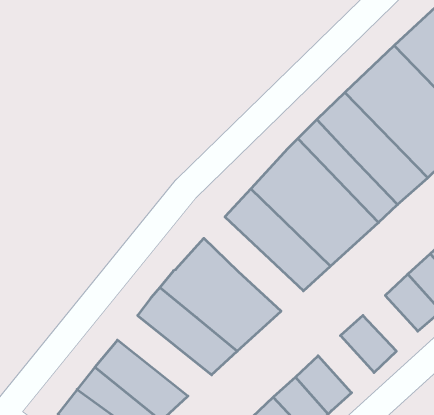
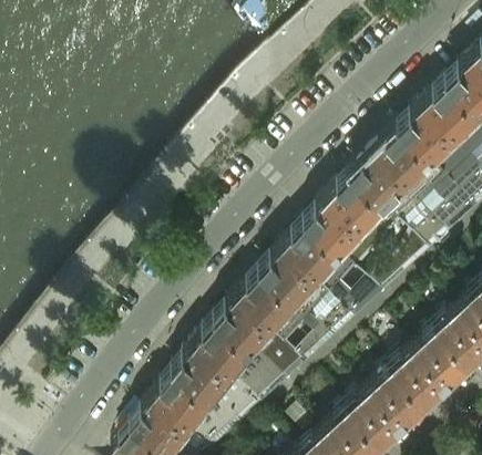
building: none -> [253,254,351,347]
building: none -> [410,331,464,386]
building: none -> [167,351,260,431]
building: none -> [366,371,421,427]

